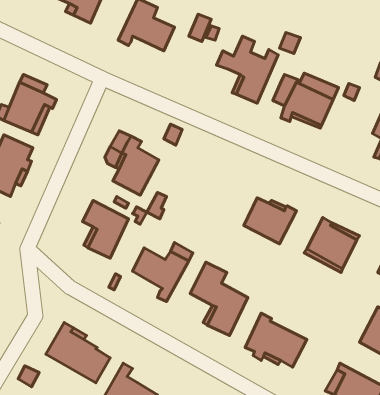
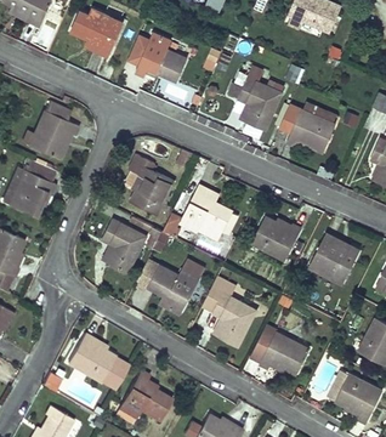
building: none -> [181,186,232,233]

